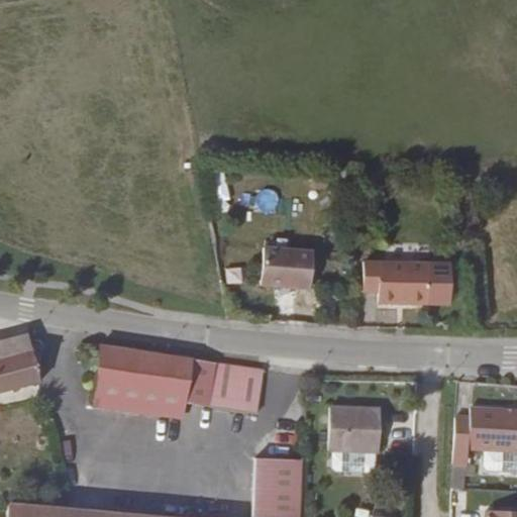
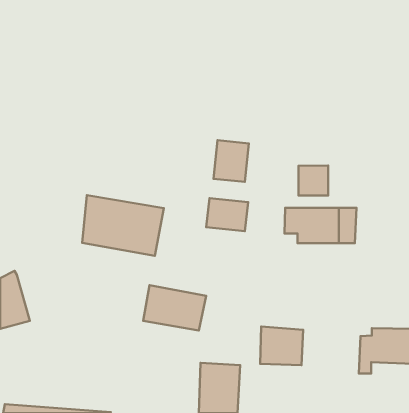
building: none -> [214,140,249,182]
building: none -> [299,166,328,196]
building: [90,340,192,416] -> [82,195,164,256]

